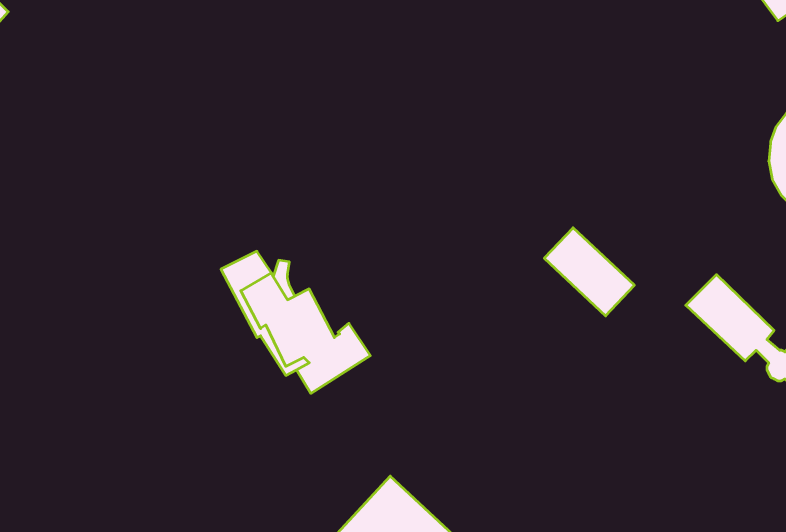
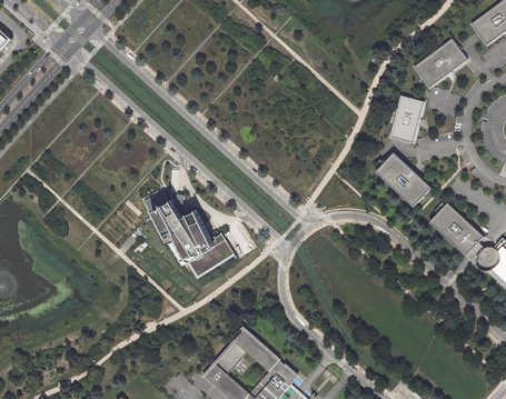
building: none -> [413,40,467,89]
building: none -> [388,96,423,144]
building: [544,228,634,316] -> [375,152,430,207]

